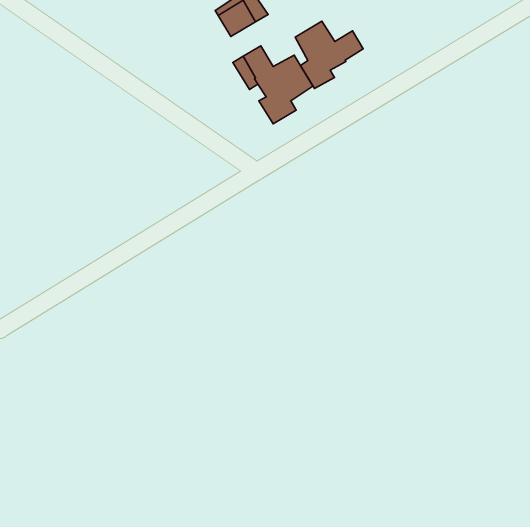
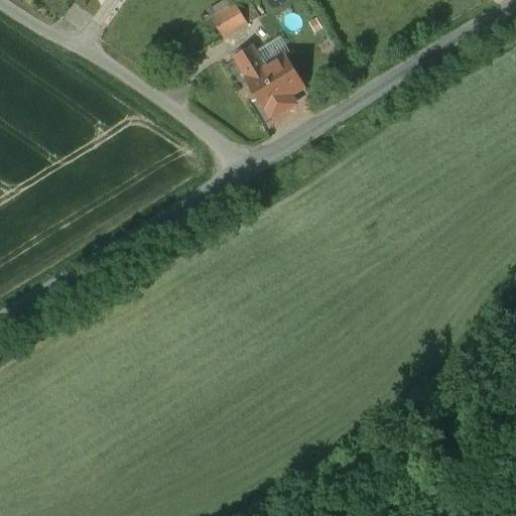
building: [295,21,363,89] -> none

